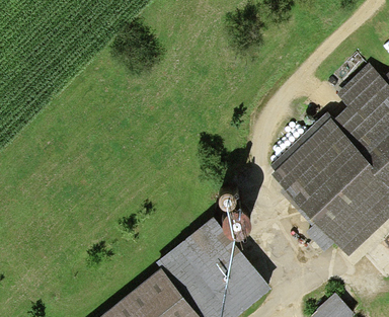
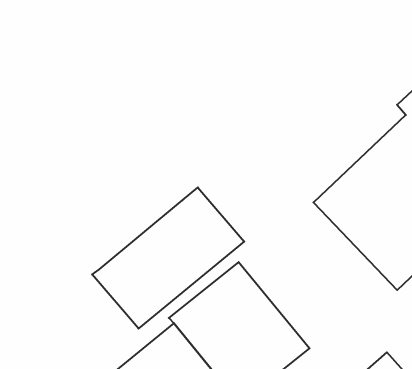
building: none -> [92,187,244,329]

